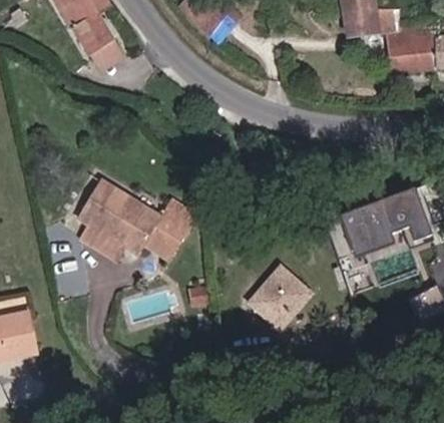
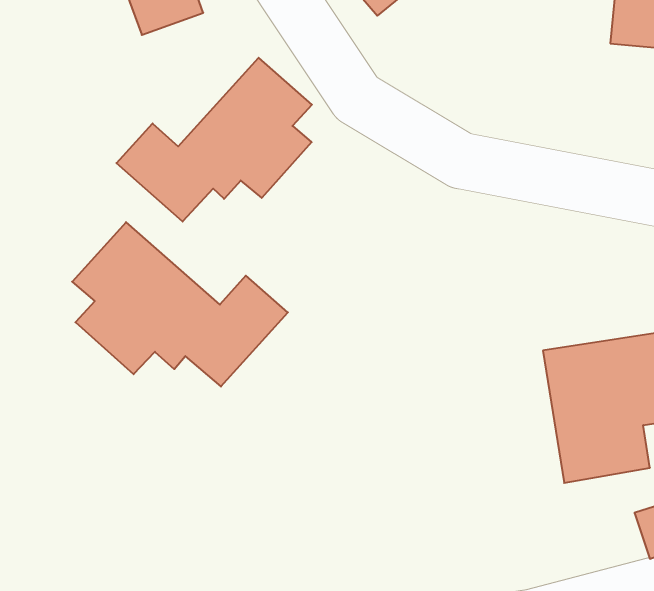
building: none -> [116,58,312,222]
building: [248,265,309,326] -> none

